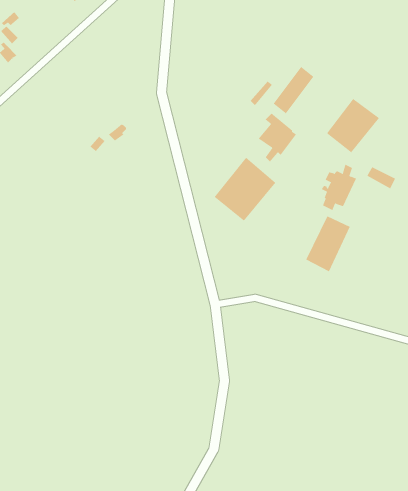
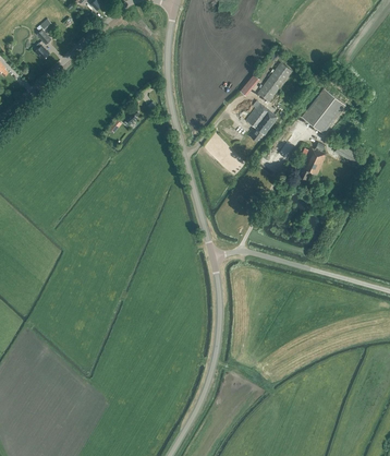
building: [214,157,276,222] -> none
building: [306,215,350,272] -> none

